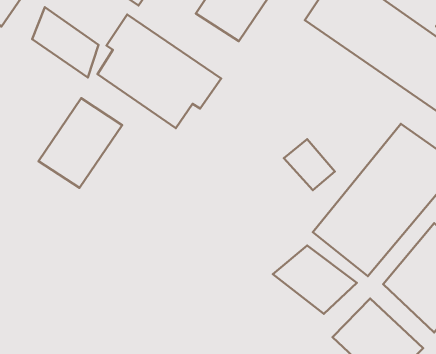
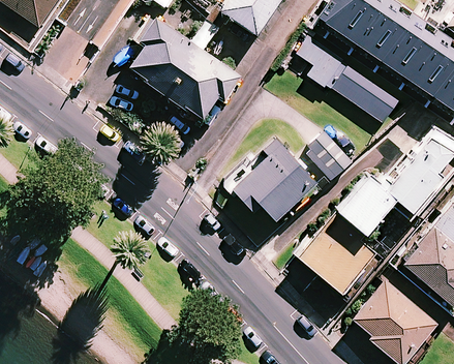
building: [32,7,98,77] -> none
building: none -> [284,34,397,120]
building: [38,98,122,188] -> none
building: none -> [226,139,317,228]

